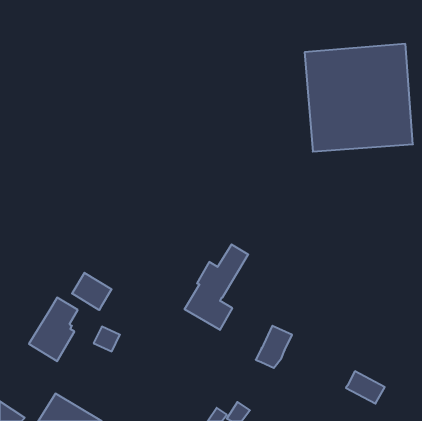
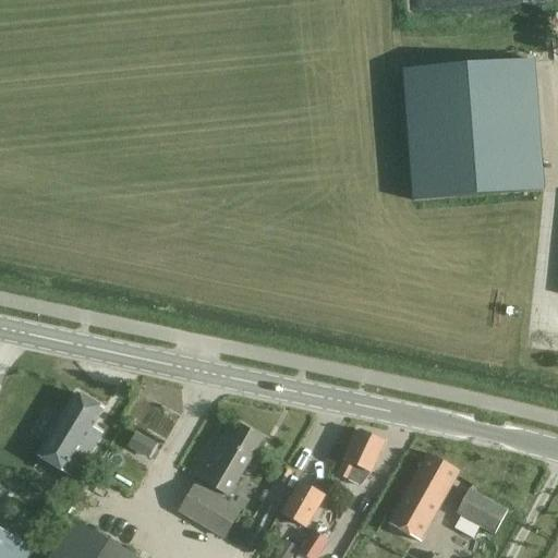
building: [184,244,248,330] -> [178,424,262,536]
building: [72,273,112,310] -> none
building: none -> [388,452,459,541]
building: none -> [281,481,324,526]

